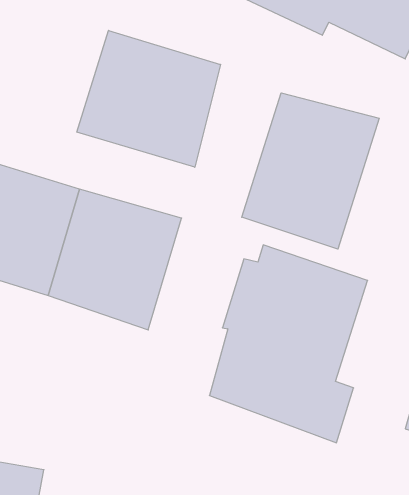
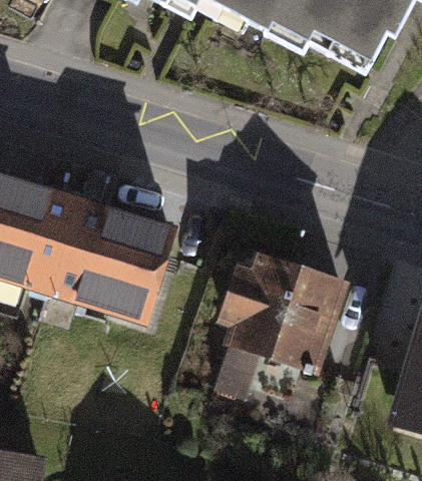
building: [77,30,221,167] -> none
building: [242,93,379,249] -> none

